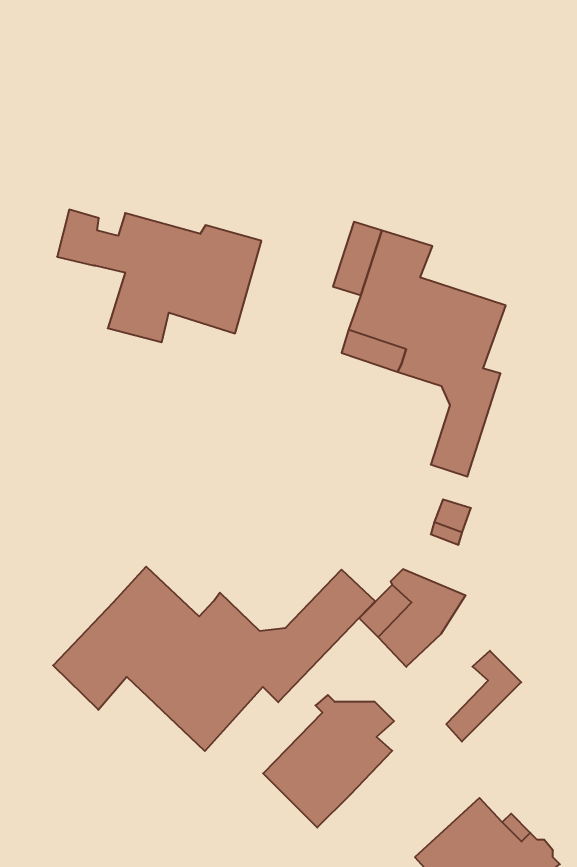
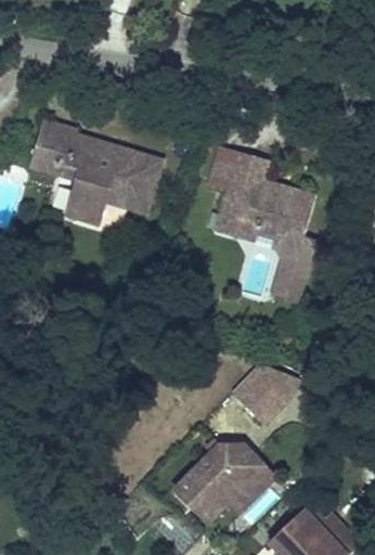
building: none -> [49,124,134,156]
building: [53,567,375,751] -> none
building: [446,651,521,742] -> [223,457,270,514]

